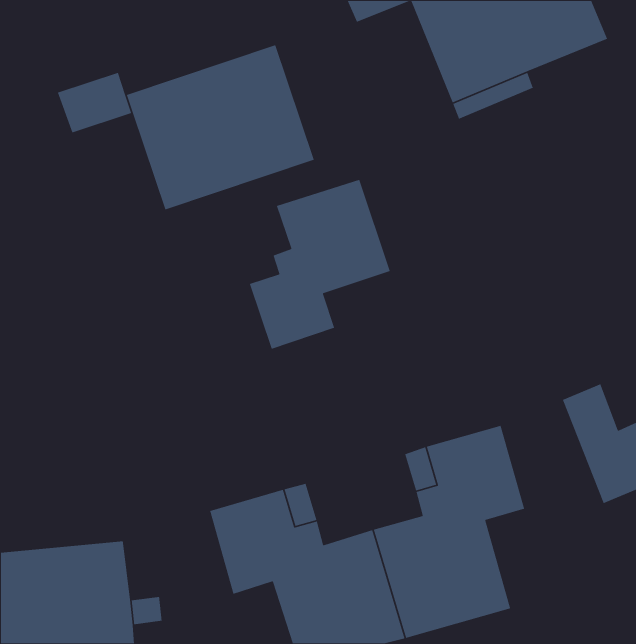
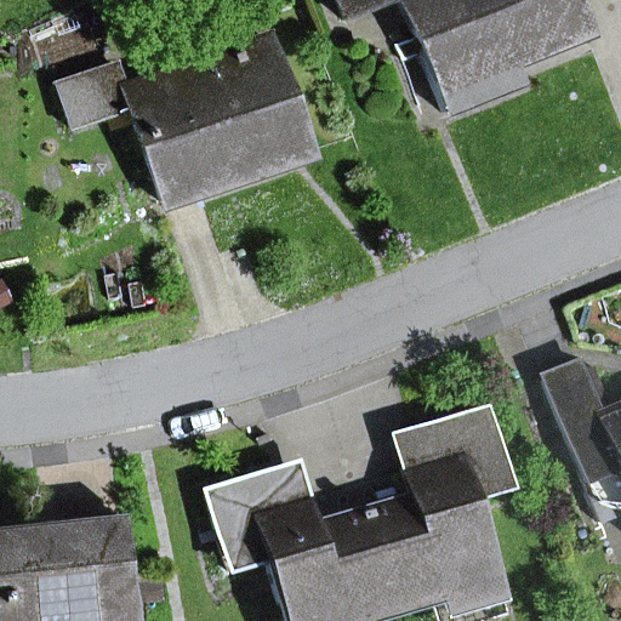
building: [249,179,391,350] -> none

